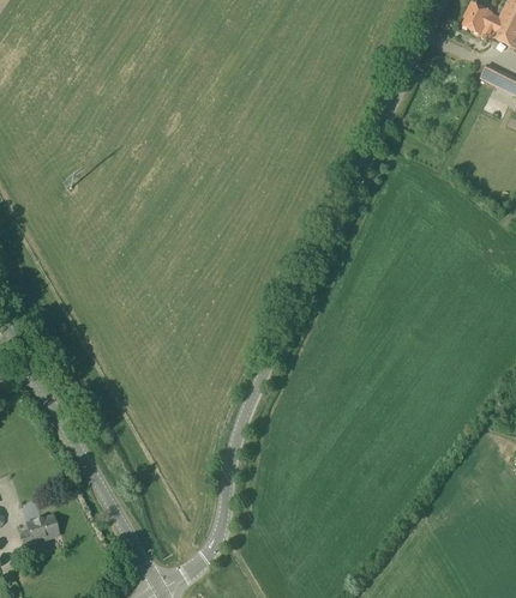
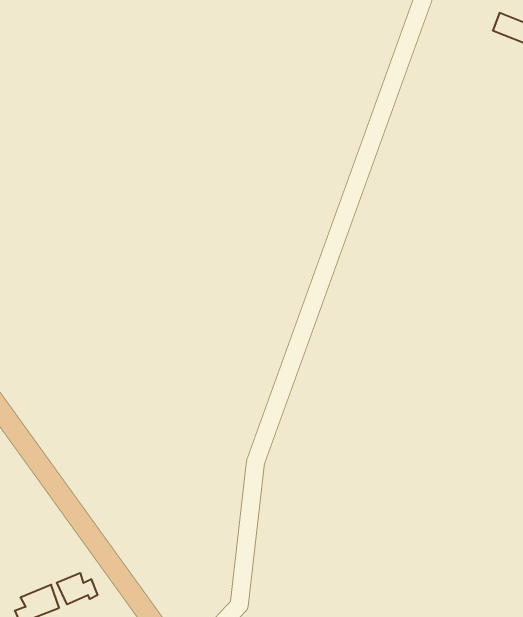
building: none -> [57,573,97,604]

